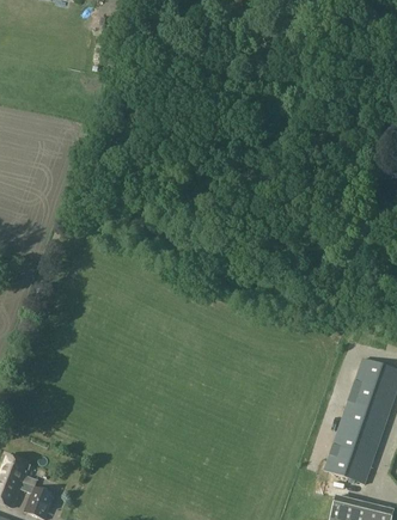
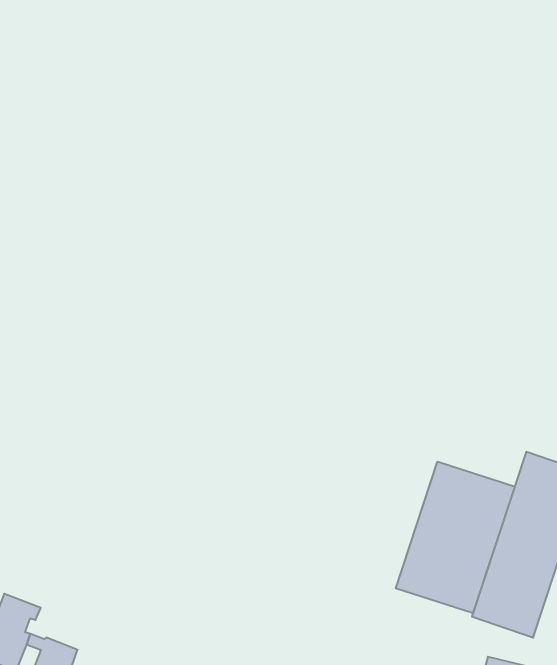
building: none -> [396,462,515,613]

